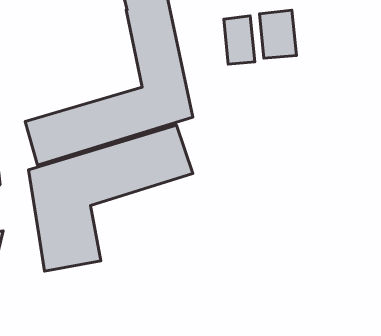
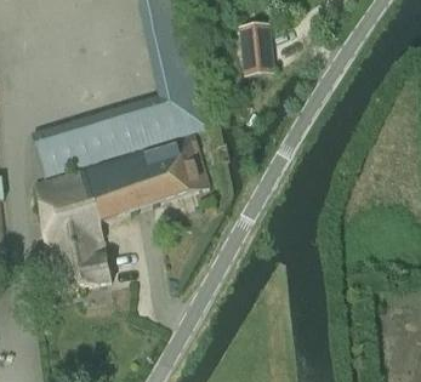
building: [260,10,296,58] -> none

